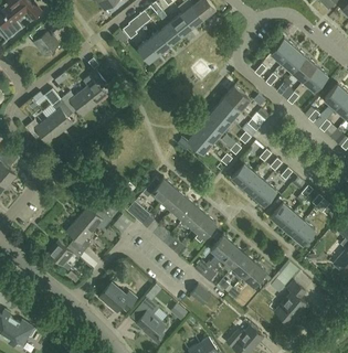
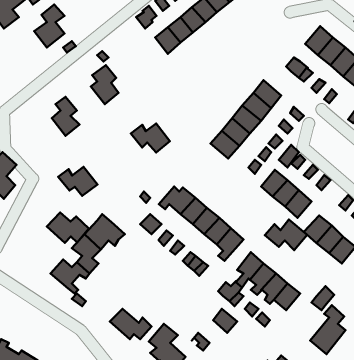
building: [60,90,94,116] -> [131,123,170,152]
building: [25,118,60,143] -> [58,167,97,196]
building: none -> [47,213,89,243]
building: none -> [265,219,307,250]

